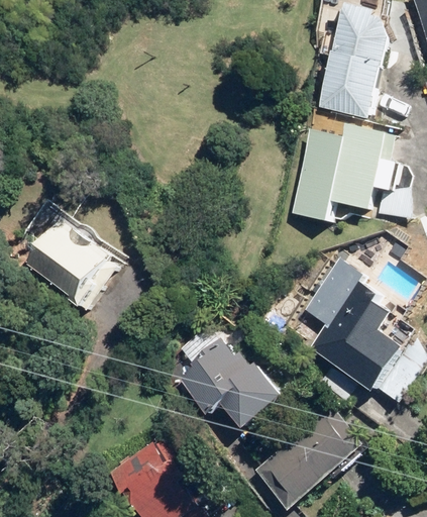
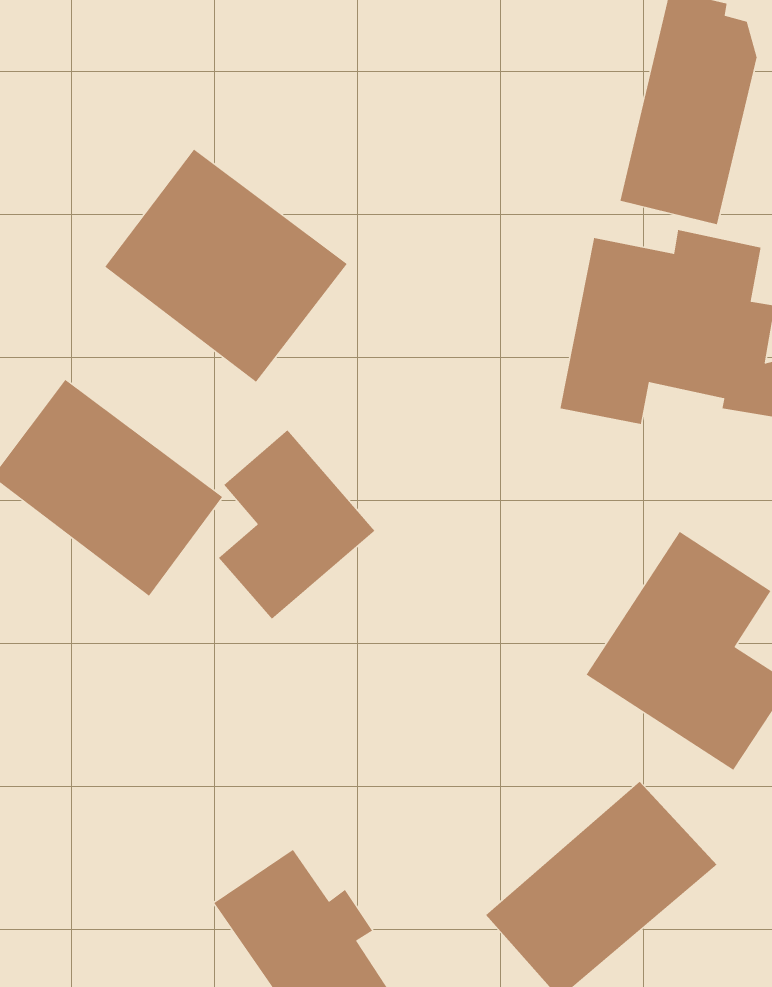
building: none -> [104,148,348,383]
building: none -> [218,429,376,620]
building: [172,322,286,428] -> none

